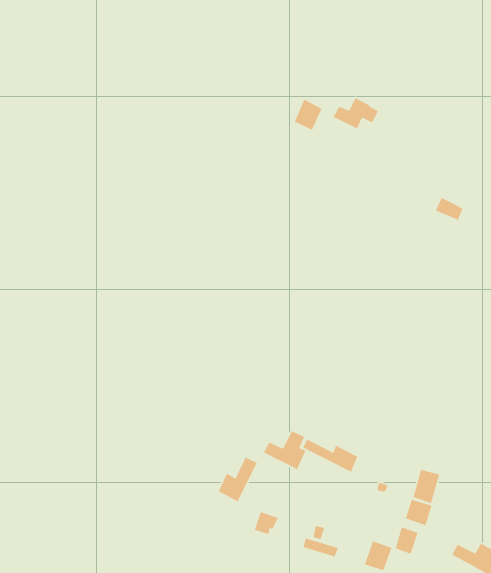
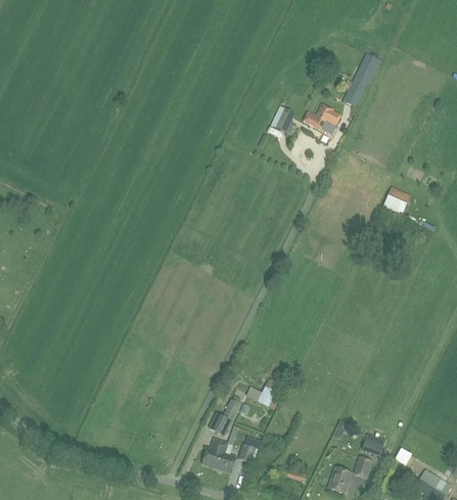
building: none -> [342,53,381,107]
building: [302,438,358,473] -> none
building: [412,469,440,504] -> none
building: none -> [202,439,236,473]

